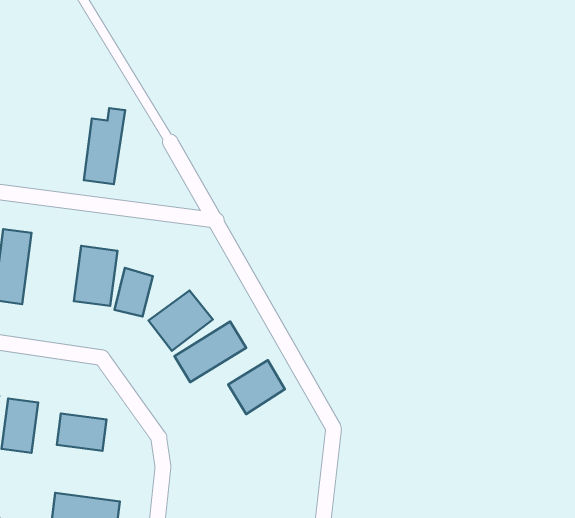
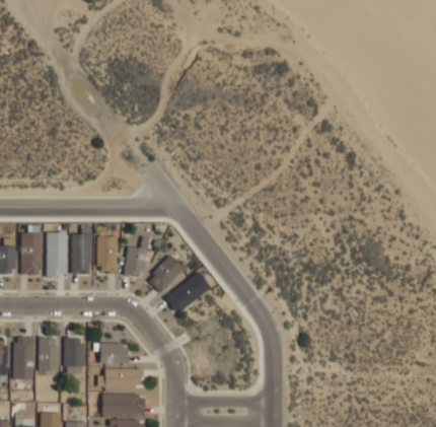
building: [84,108,125,184] -> [72,226,92,274]
building: [228,360,285,414] -> none
building: none -> [104,369,143,388]

